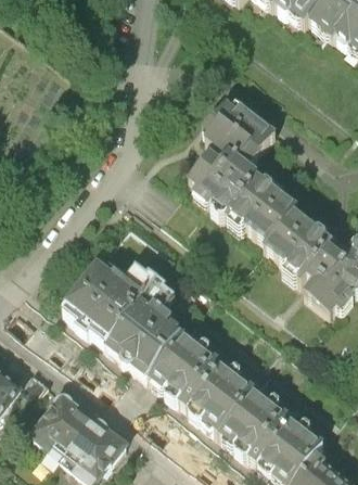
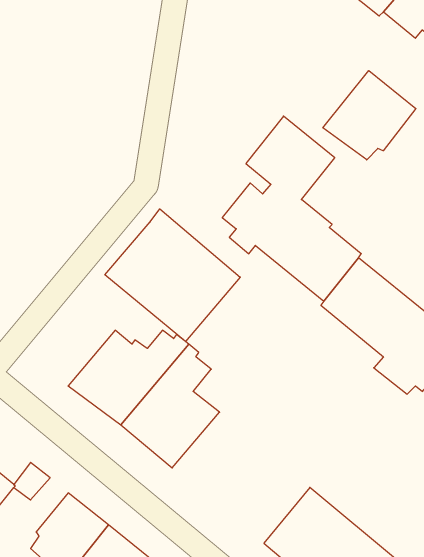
building: none -> [323,71,416,160]
building: none -> [105,209,240,341]
building: [144,328,252,430] -> none

